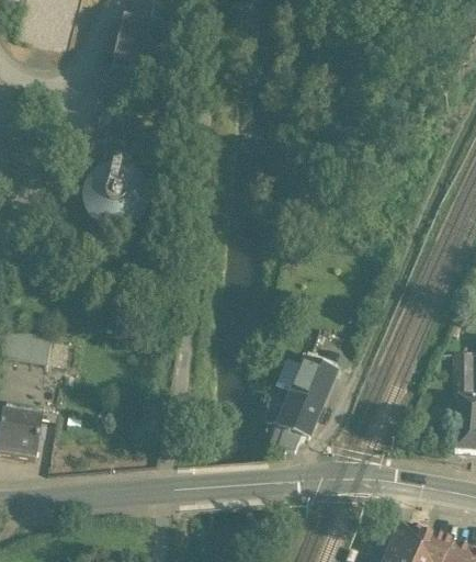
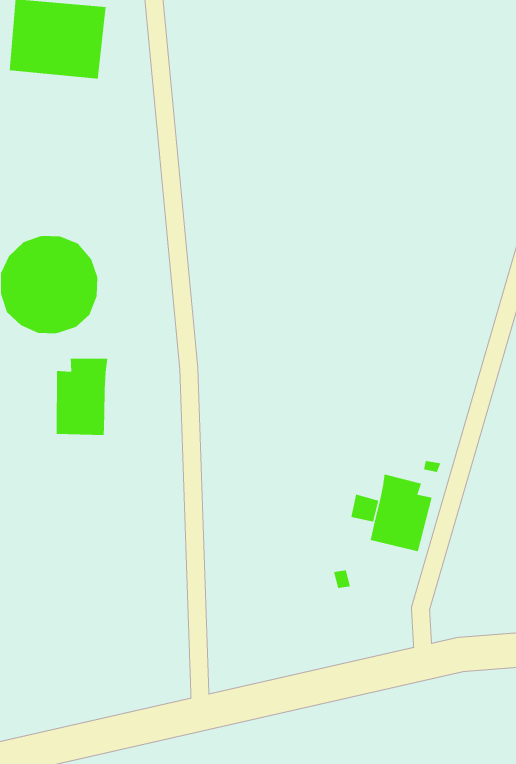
building: none -> [56,358,108,436]
building: [272,389,322,447] -> none

